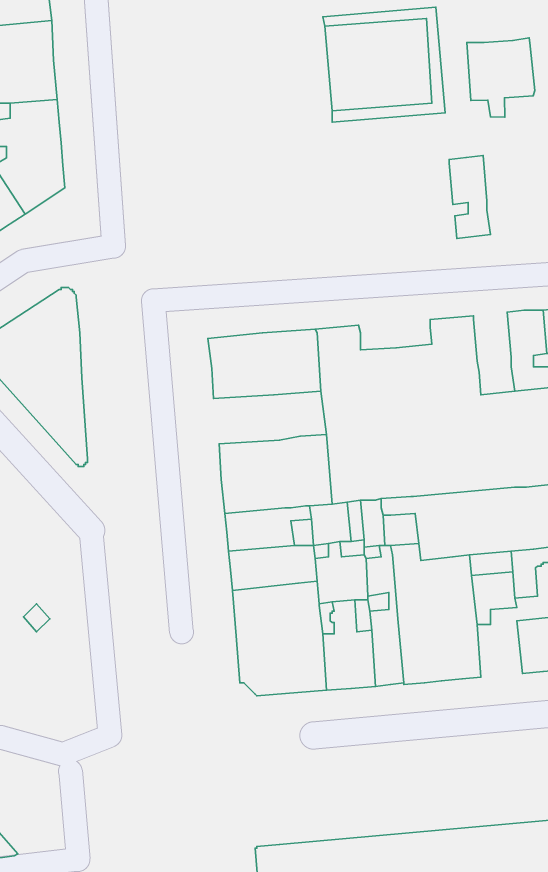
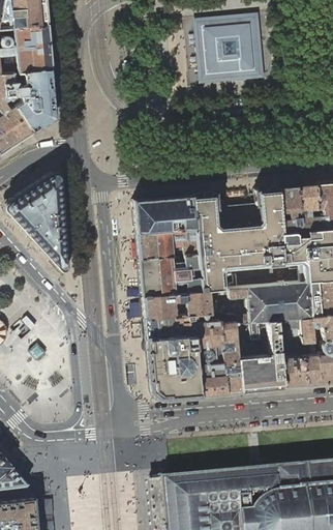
building: [467,38,535,117] -> none
building: [449,156,491,238] -> [279,186,302,232]
building: none -> [137,230,199,259]
building: none -> [281,349,306,387]

